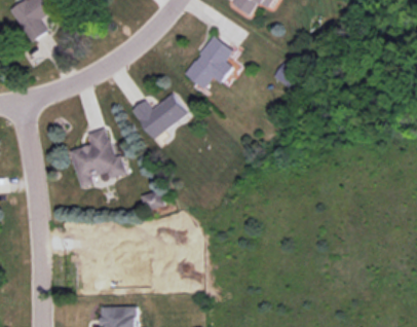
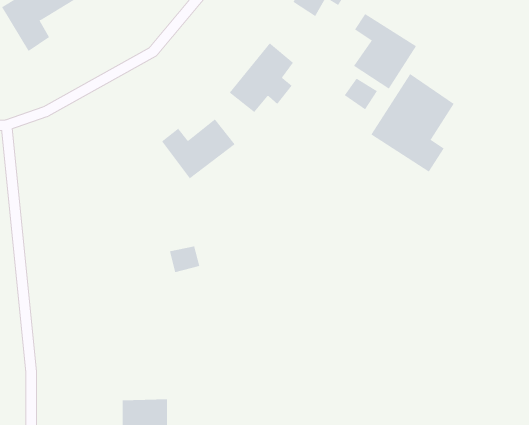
building: none -> [353,13,417,90]
building: none -> [371,73,454,172]
building: [69,128,121,188] -> none

